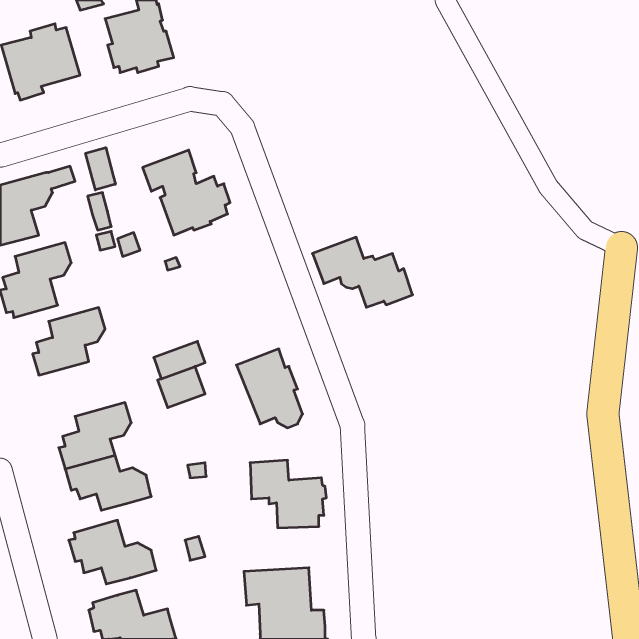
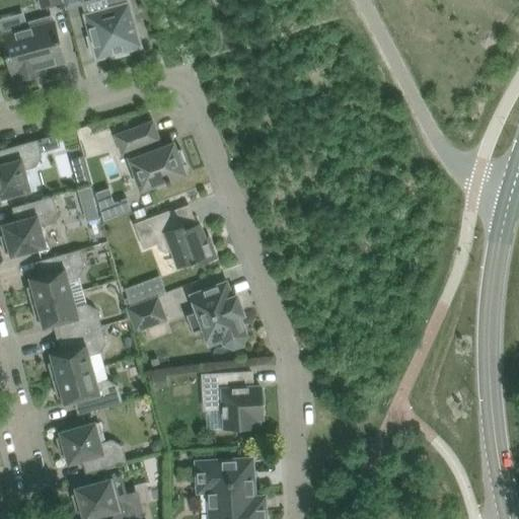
building: [86,148,115,190] -> none
building: [312,237,413,307] -> [135,211,216,268]
building: none -> [31,293,101,338]

